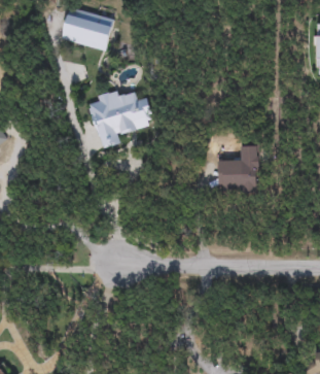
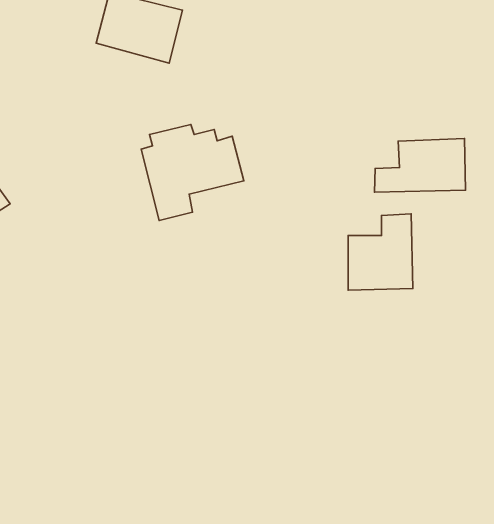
building: none -> [375,139,465,192]

